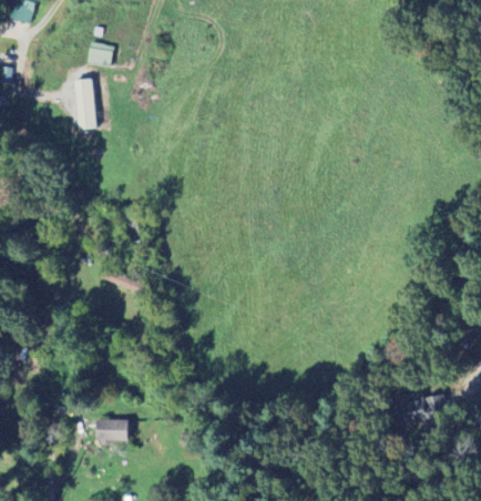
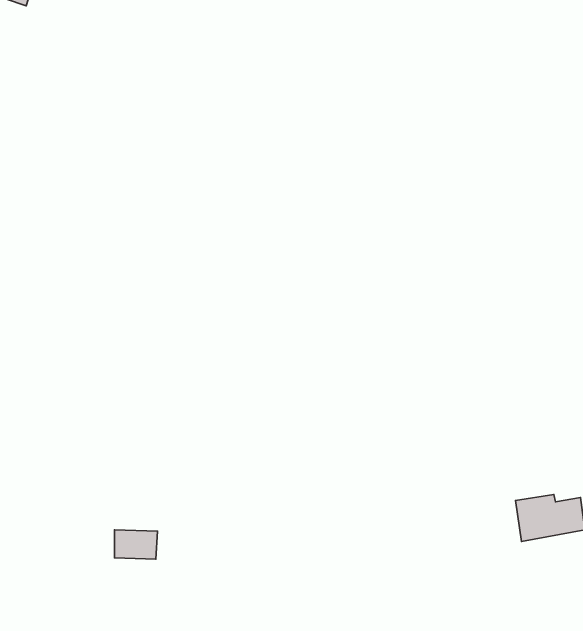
building: [88,40,114,65] -> none
building: [75,78,94,127] -> none

